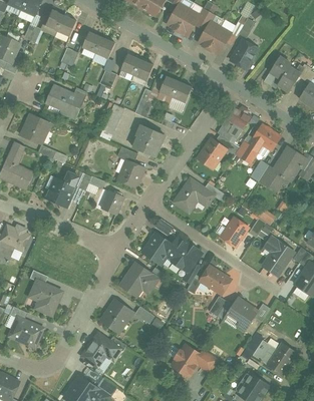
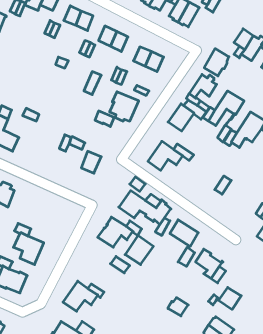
building: [230,39,257,69] -> [204,49,229,76]
building: [46,83,81,119] -> none
building: [21,113,51,142] -> none
building: [117,159,143,187] -> none
building: [45,177,75,207] -> none
building: [221,218,248,247] -> none
building: [261,237,293,276] -> none
building: [100,300,131,332] -> [125,235,153,265]
building: [267,342,296,375] -> none
building: [172,345,201,376] -> none

